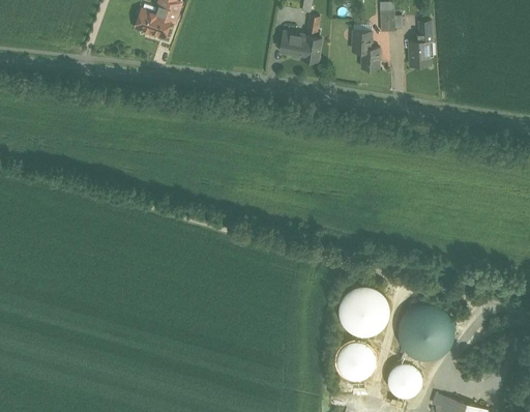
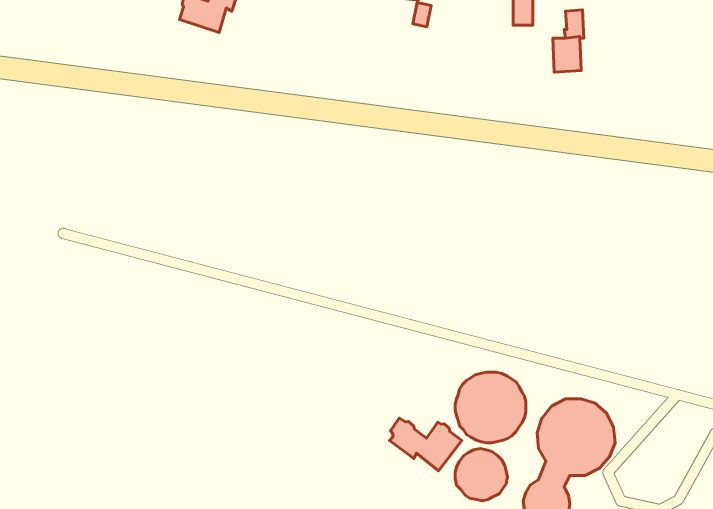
building: [352,31,379,68] -> none
building: [281,32,321,61] -> none
building: none -> [390,418,462,471]

